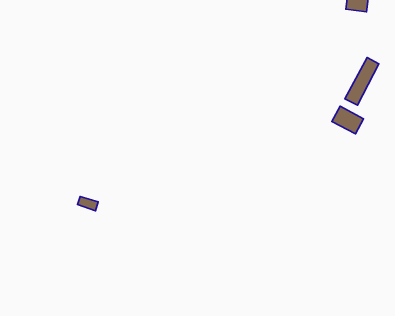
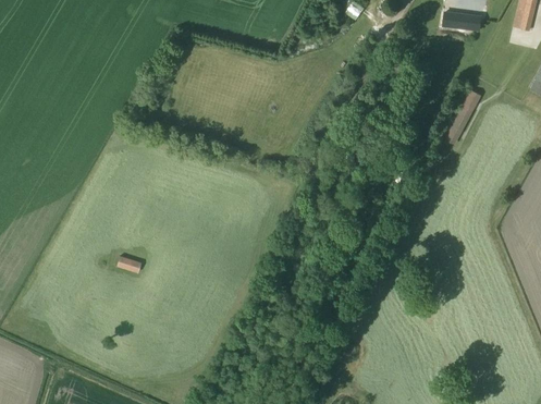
building: [332,106,364,134] -> none

